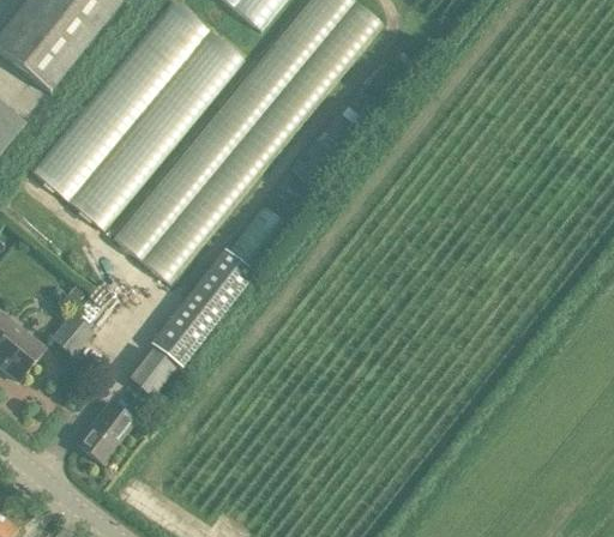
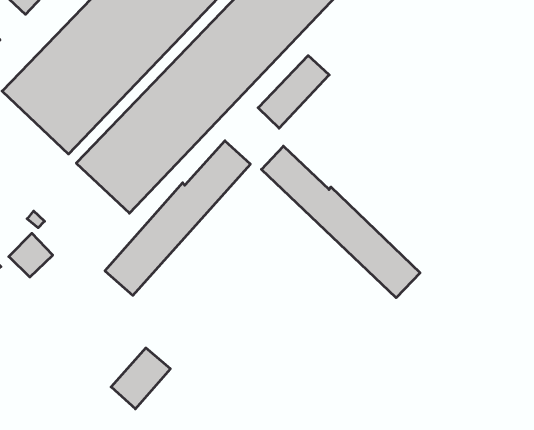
building: none -> [261,146,420,298]
building: [128,349,175,397] -> none
building: [76,402,134,464] -> [111,348,170,409]

